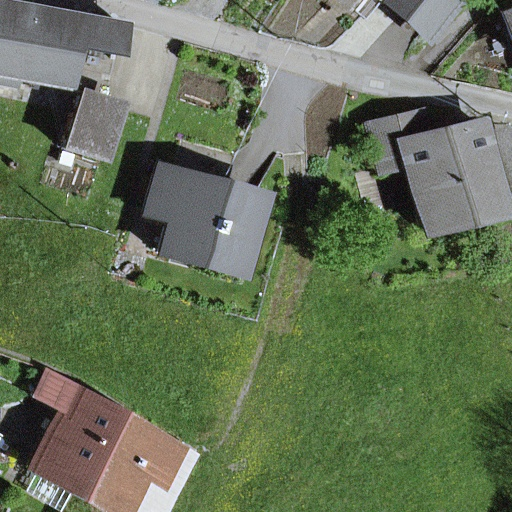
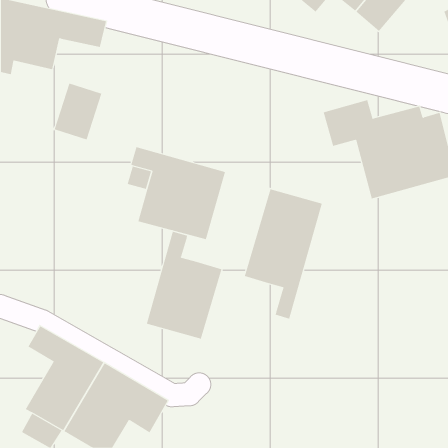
building: none -> [244,188,322,319]
building: none -> [146,231,222,340]

